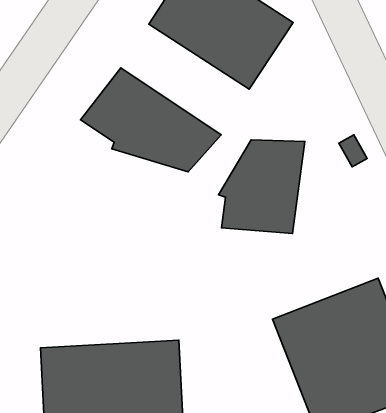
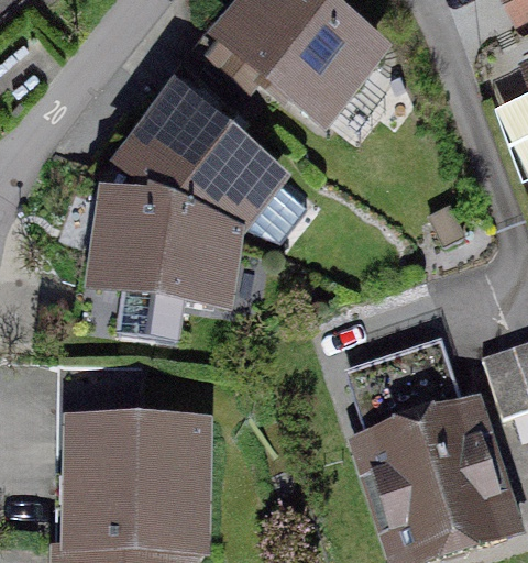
building: [218,140,305,234] -> none
building: none -> [98,190,248,333]

